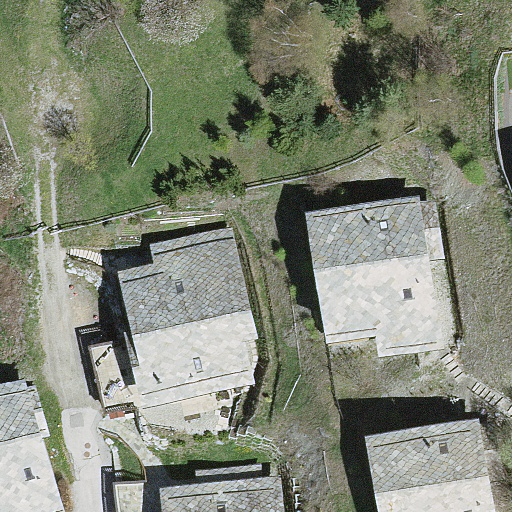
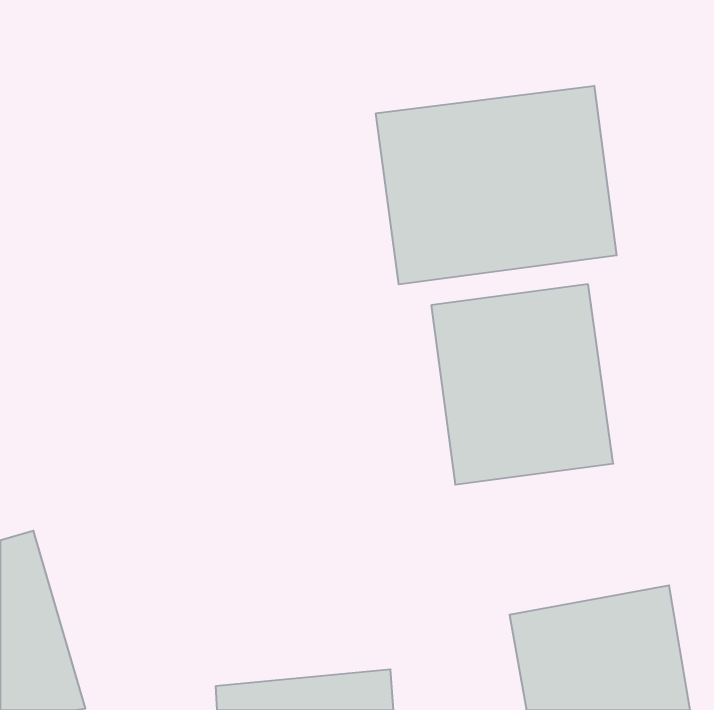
building: none -> [376,86,617,284]
building: [115,244,265,404] -> none

